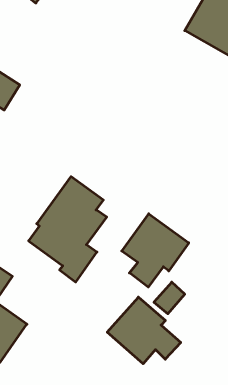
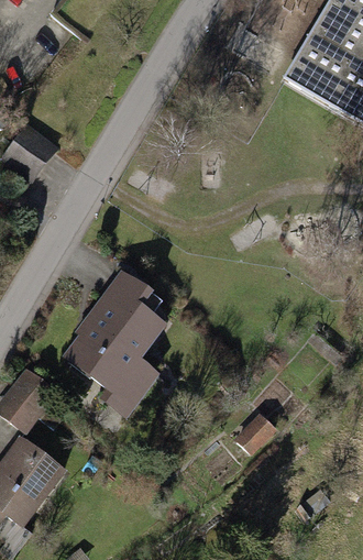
building: [122,214,189,287] -> none
building: [107,297,181,364] -> none

